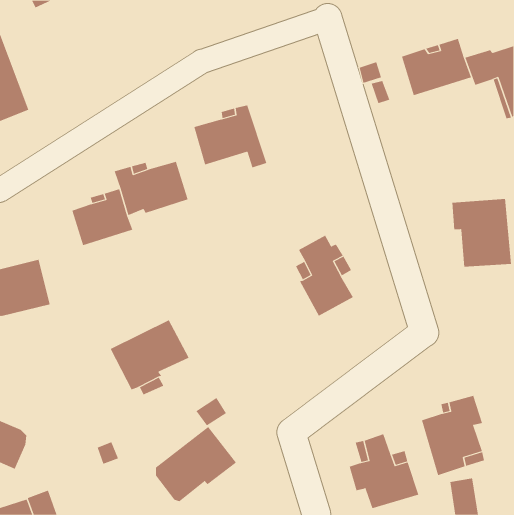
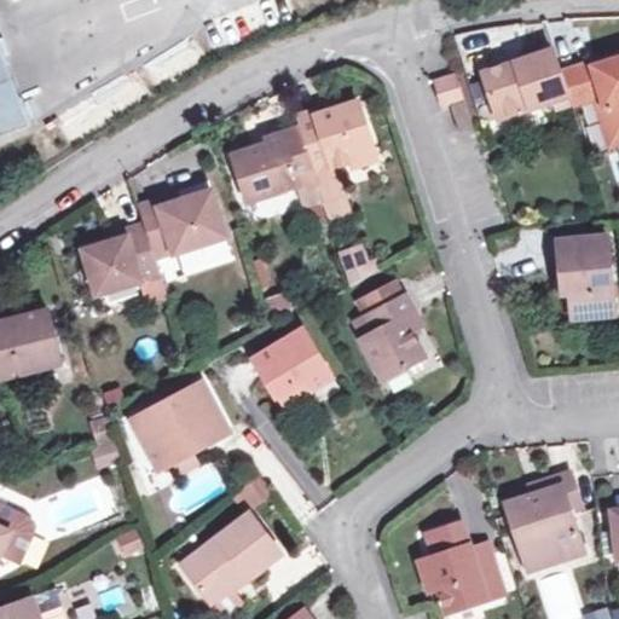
building: none -> [294,99,374,212]
building: none -> [251,326,334,397]

